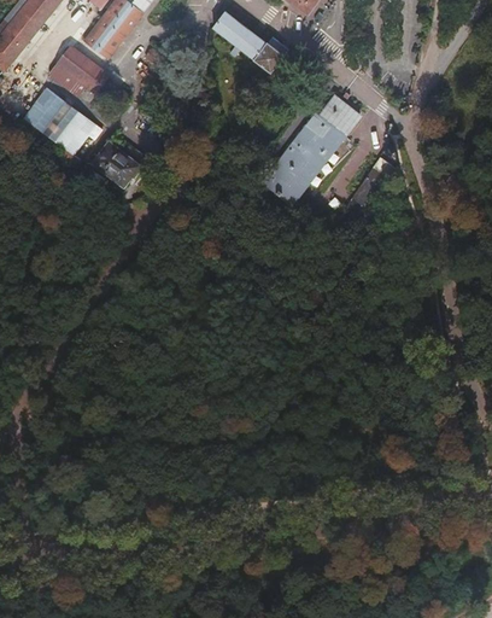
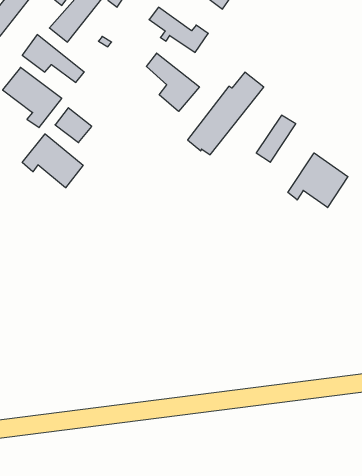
building: none -> [146,53,199,111]
building: none -> [22,134,83,188]
building: none -> [288,153,348,208]

